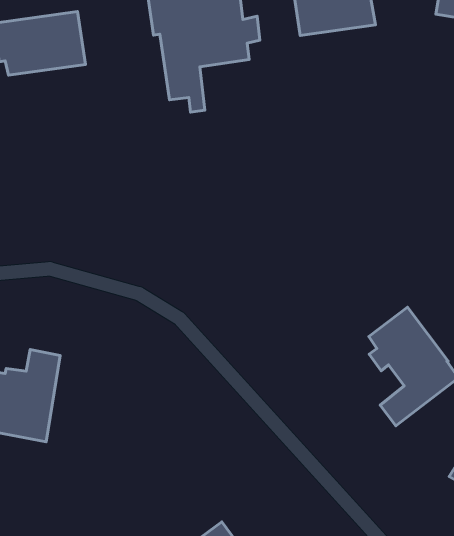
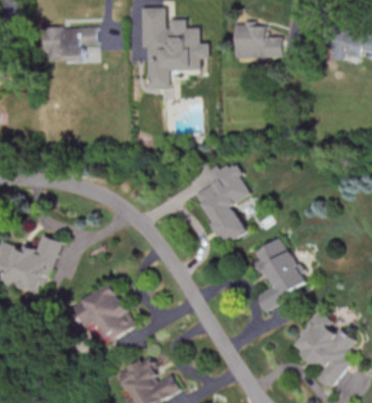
building: none -> [194,162,250,245]
building: none -> [73,284,136,342]

